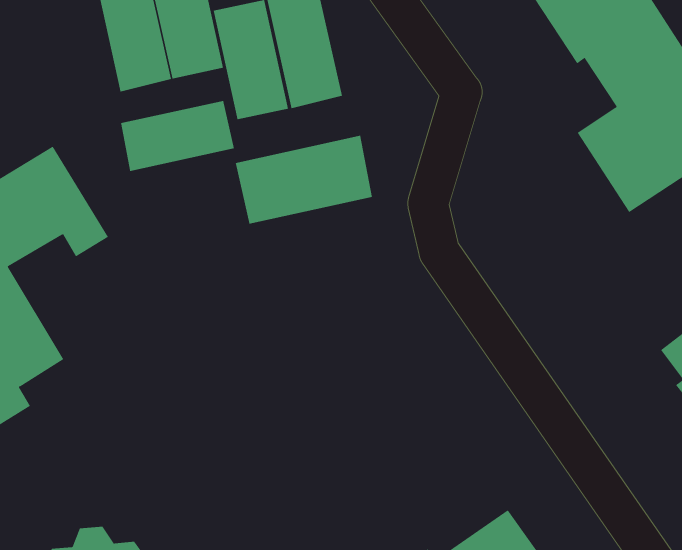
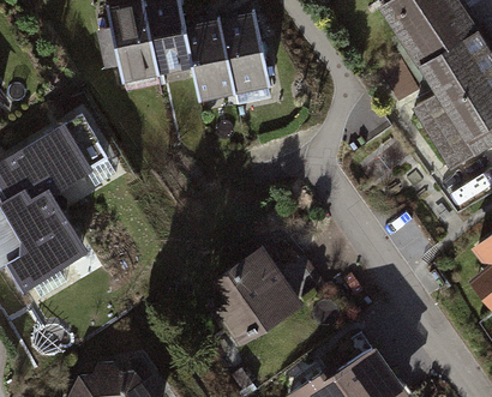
building: [120,100,234,172] -> none
building: [235,135,373,224] -> none
building: none -> [214,249,320,338]

